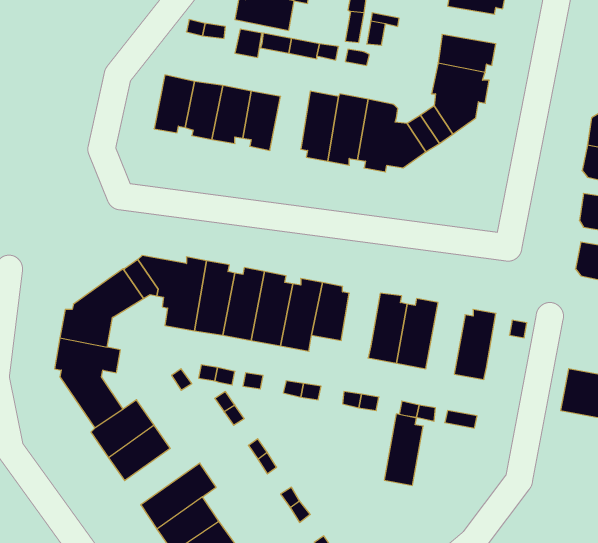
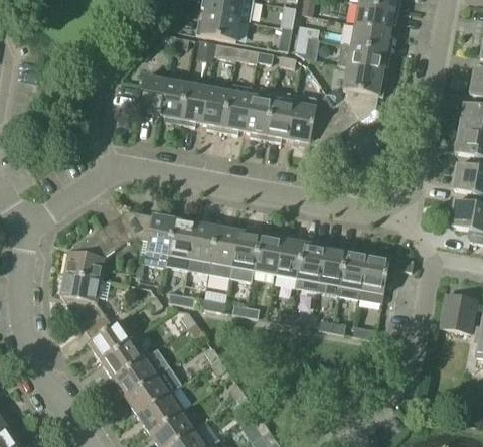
building: none -> [350,24,393,52]
building: none -> [221,85,252,135]
building: none -> [275,236,304,278]
building: [384,414,423,485] -> [338,246,367,299]
building: none -> [113,348,169,397]

